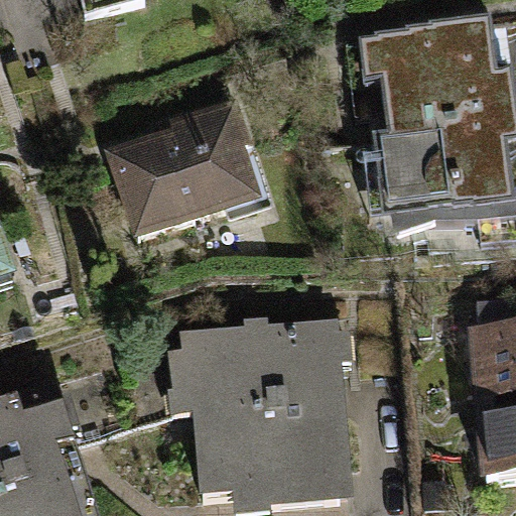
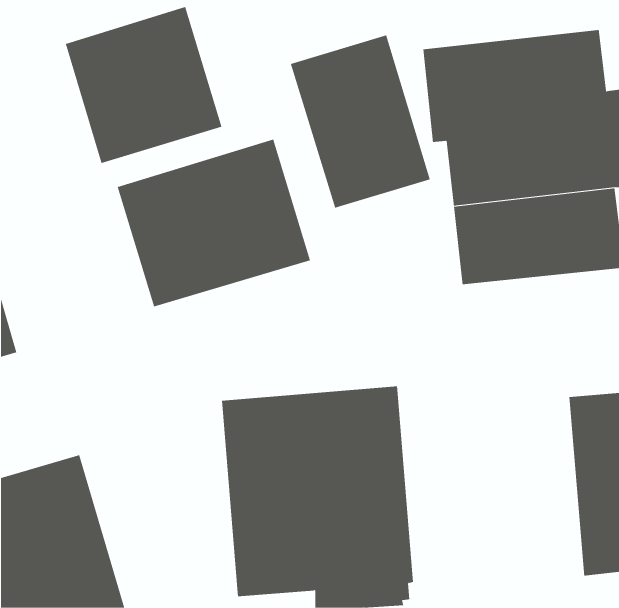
building: none -> [65,6,222,164]
building: none -> [290,34,430,209]

